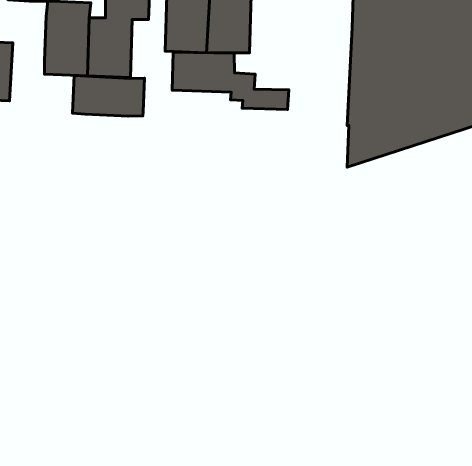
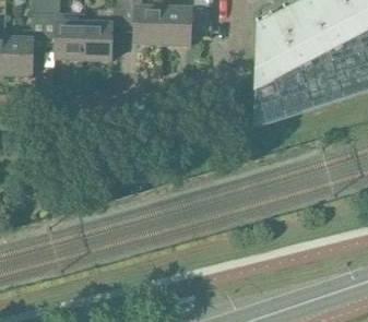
building: [172,52,289,109] -> none
building: [73,75,144,116] -> none

